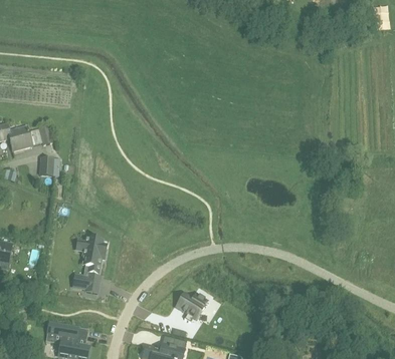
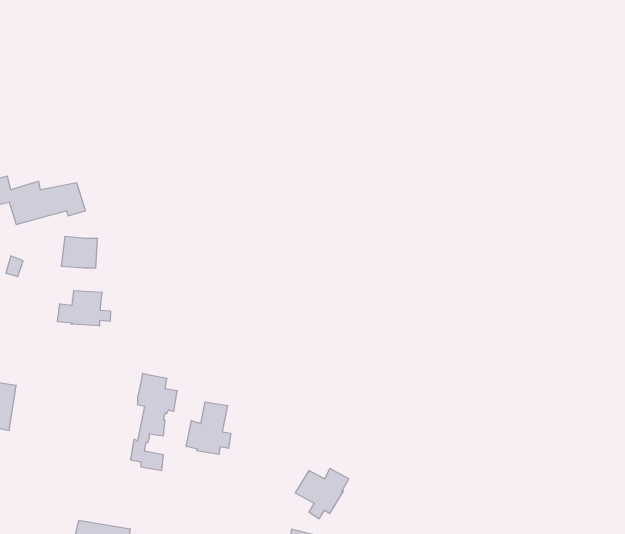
building: none -> [58,290,110,326]
building: none -> [186,402,231,454]

